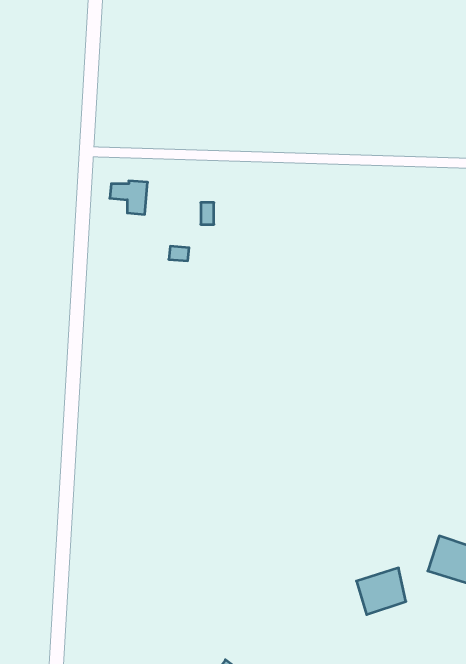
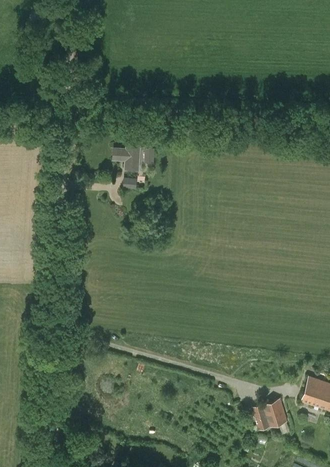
building: [110,181,148,214] -> [114,147,140,170]

